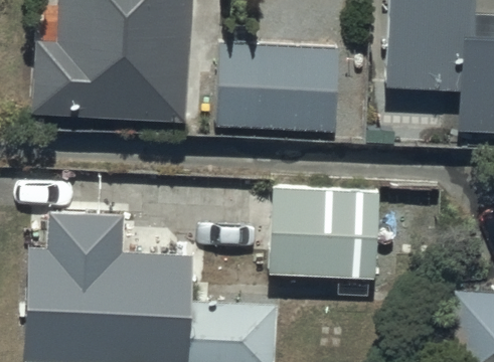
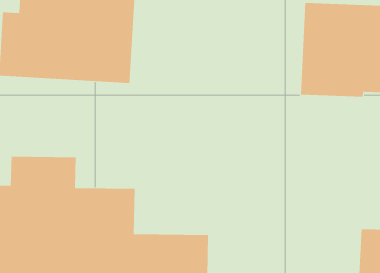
building: [217,38,344,134] -> none
building: [272,187,386,280] -> none

